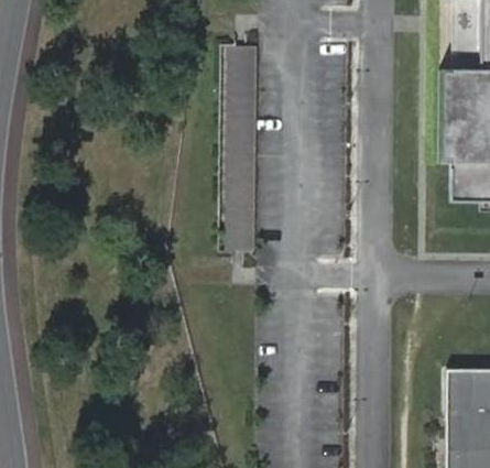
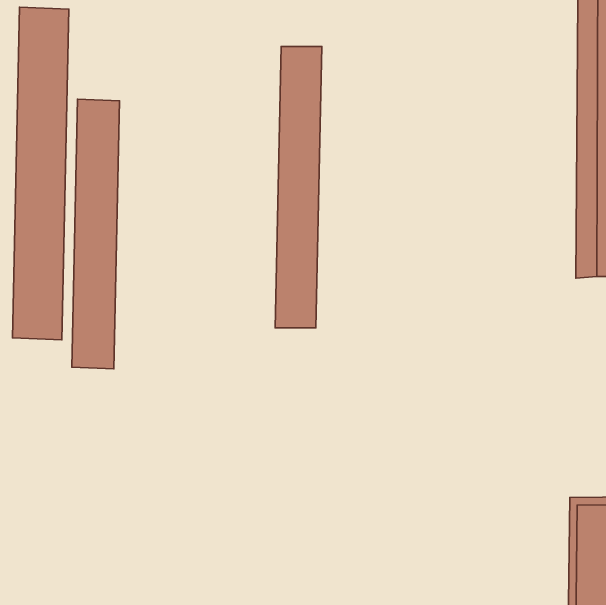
building: none -> [12,7,69,340]
building: none -> [72,99,120,369]

